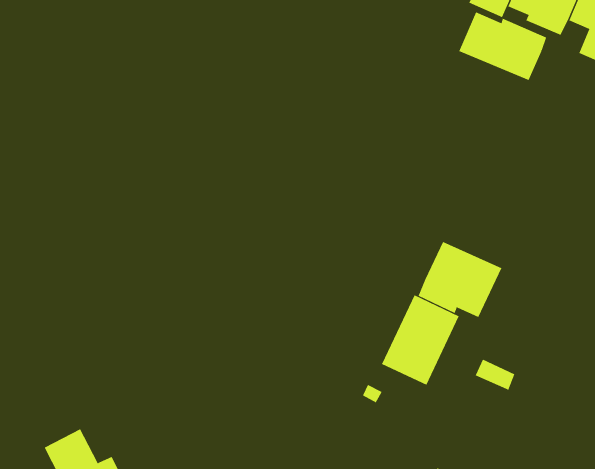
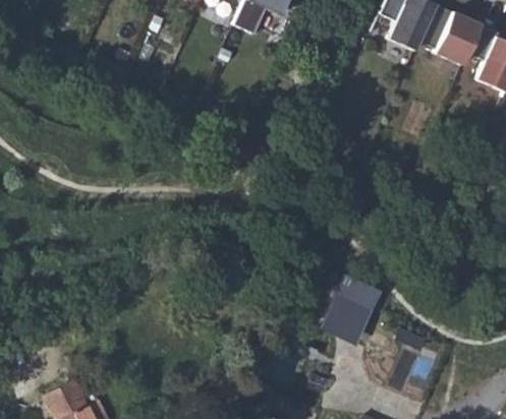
building: [458,12,547,81] -> none
building: [418,241,502,318] -> none

